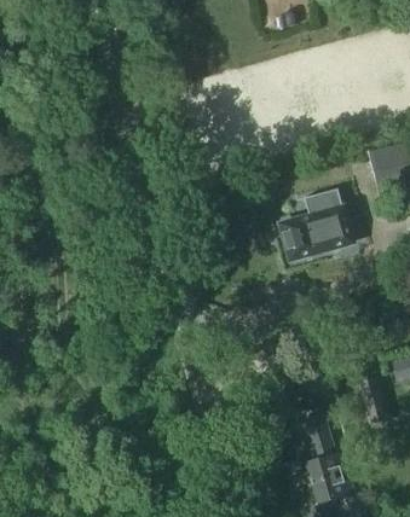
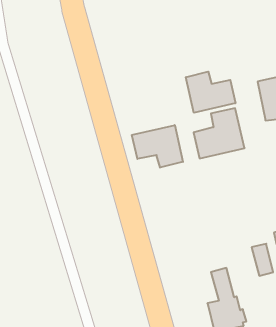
building: none -> [186,72,235,113]
building: none -> [132,125,183,168]

